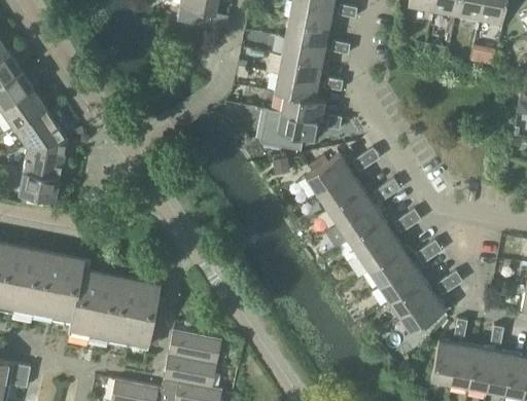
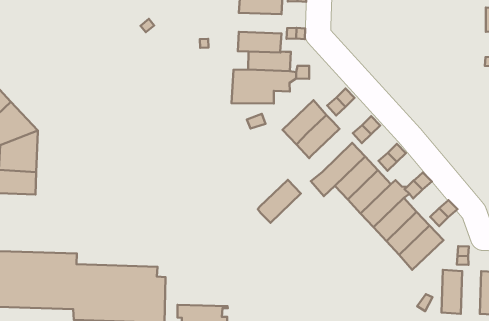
building: [278,56,322,82] -> none
building: [326,184,371,223] -> [258,180,301,223]
building: [449,341,476,386] -> none

